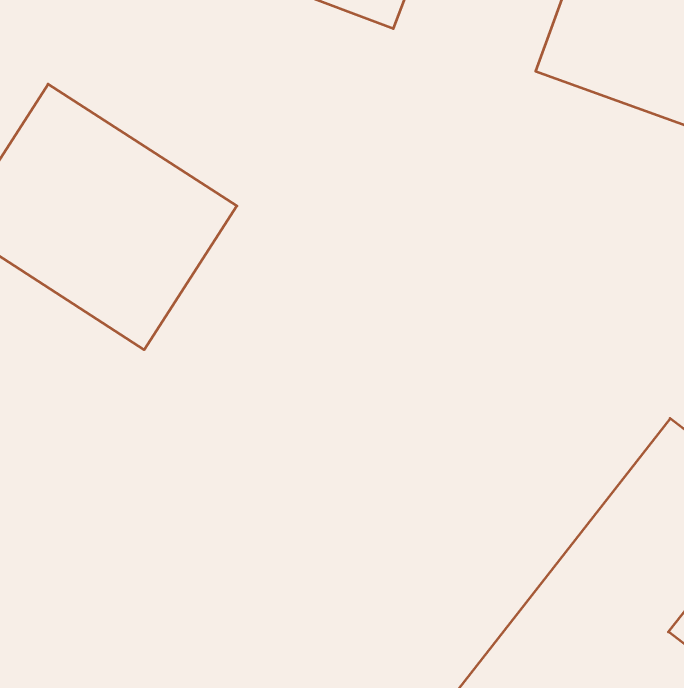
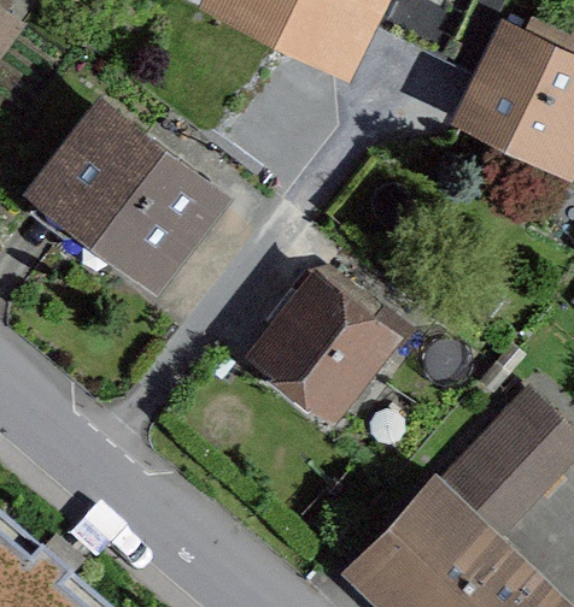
building: none -> [247,273,406,430]

